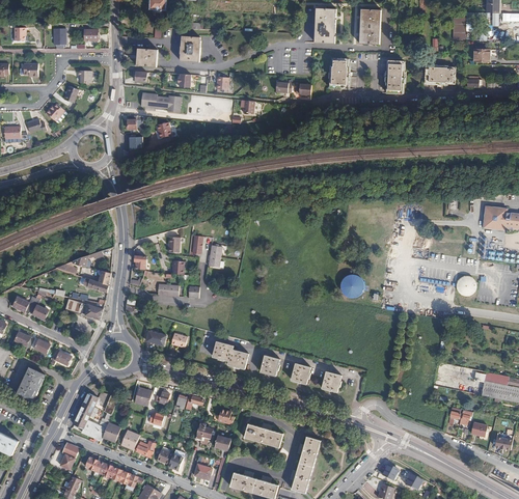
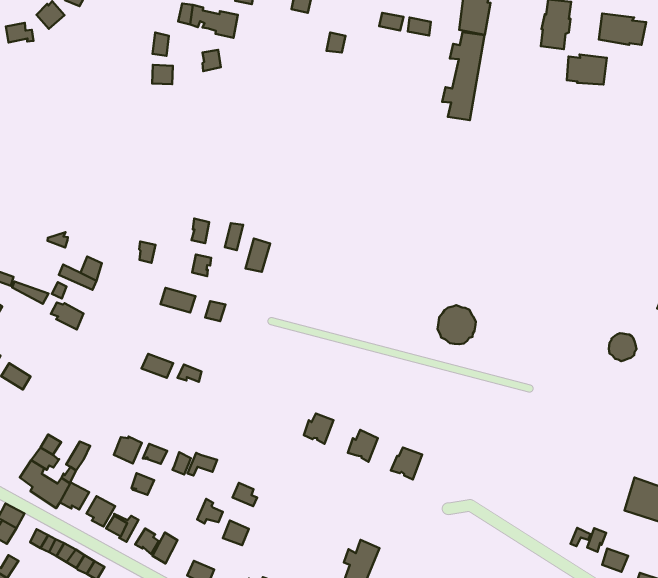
building: none -> [442,32,484,120]
building: none -> [567,55,607,85]
building: [212,339,248,366] -> none
building: [242,423,282,447] -> none

